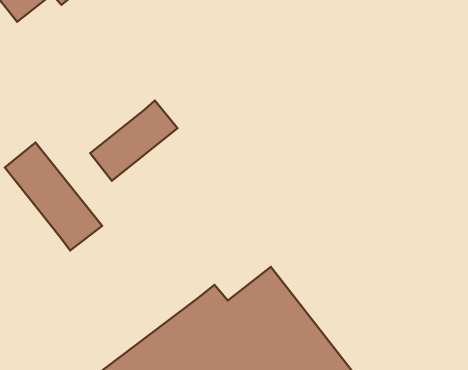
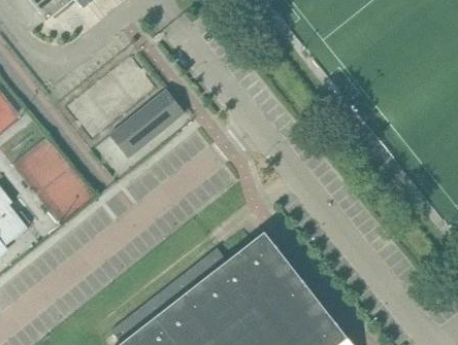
building: [5,142,102,250] -> none

